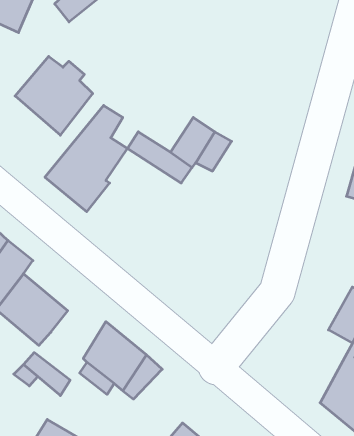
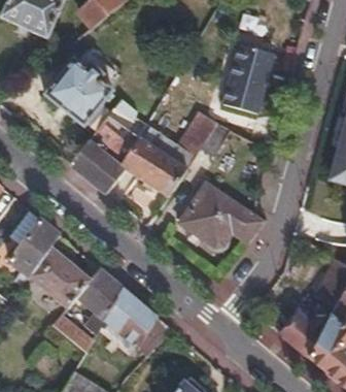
building: none -> [227,48,273,121]
building: none -> [124,138,188,197]
building: none -> [180,183,267,251]
building: none -> [76,268,124,334]
building: none -> [281,316,327,358]

